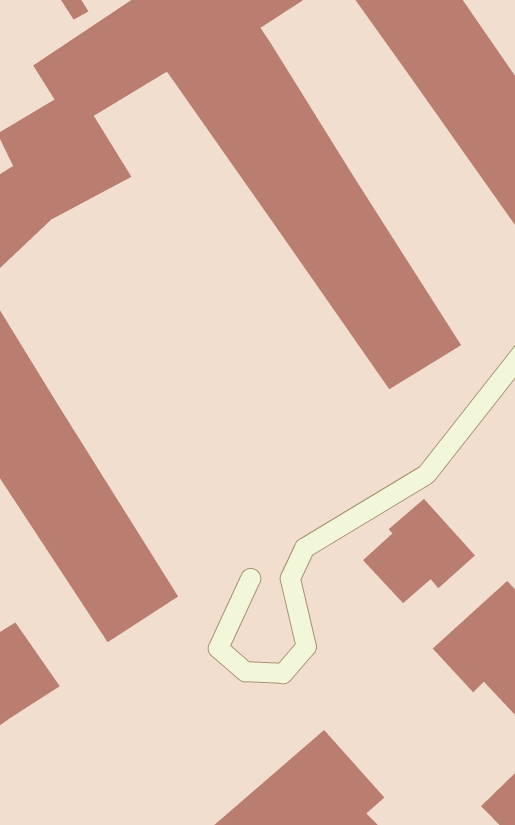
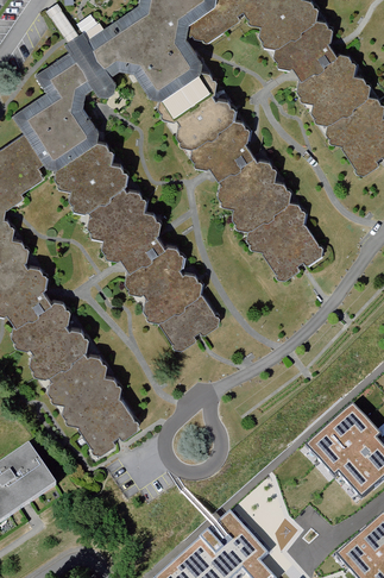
building: none -> [51,142,224,351]
building: [362,498,476,604] -> none

